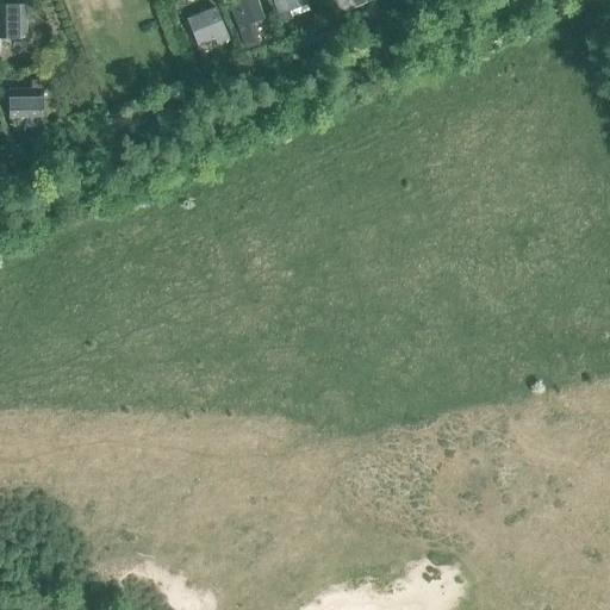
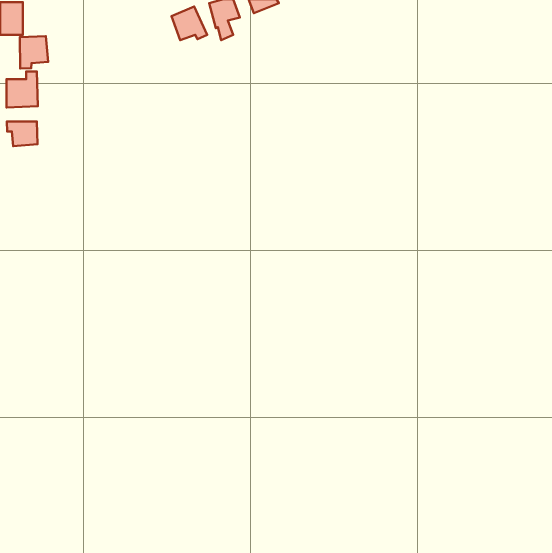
building: none -> [20,36,48,68]
building: none -> [7,121,37,146]

